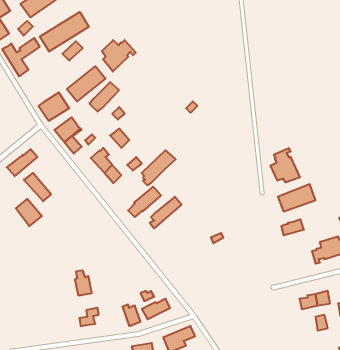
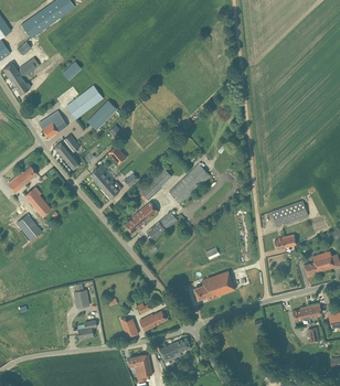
building: [40,12,89,52] -> none
building: [102,40,136,72] -> none
building: none -> [169,163,211,204]
building: [270,148,300,182] -> none
building: none -> [194,270,235,299]

